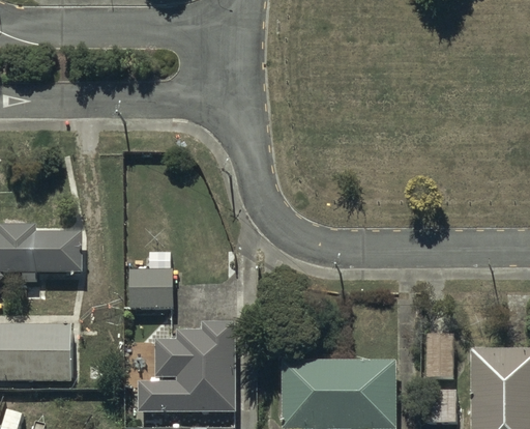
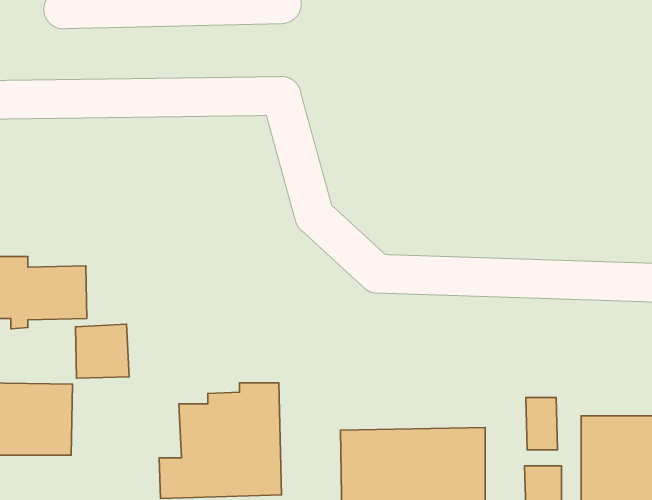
building: [130,264,173,307] -> [75,324,129,378]

